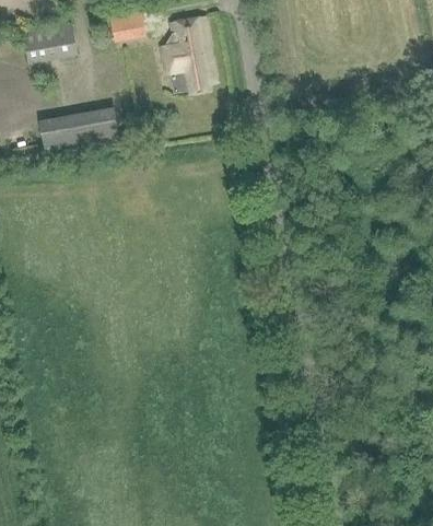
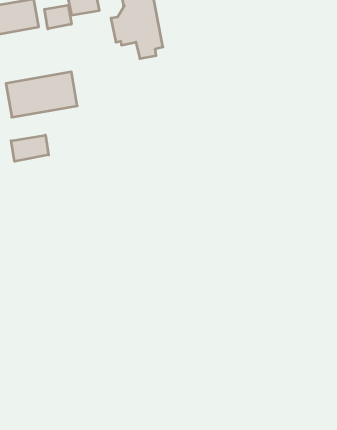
building: none -> [44,5,71,29]
building: none -> [11,135,49,161]

